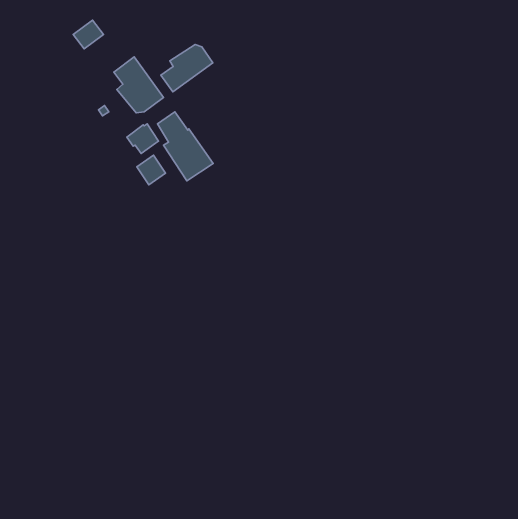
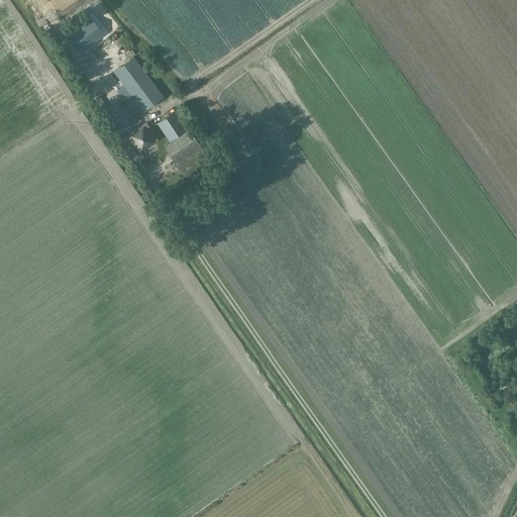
building: [161,45,213,92] -> none
building: [137,155,166,185] -> none

